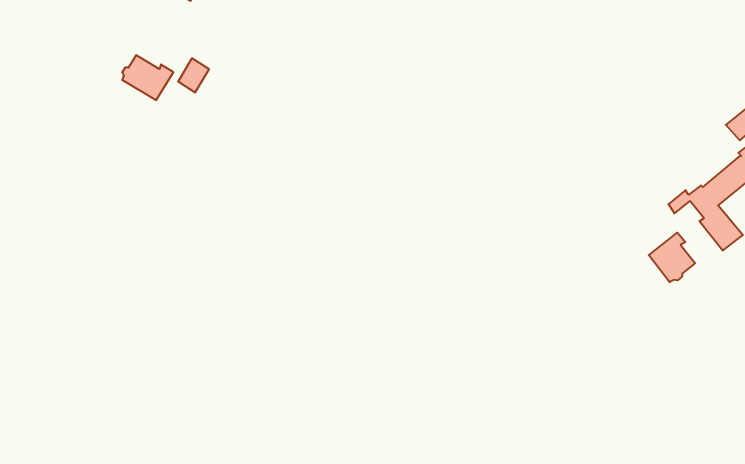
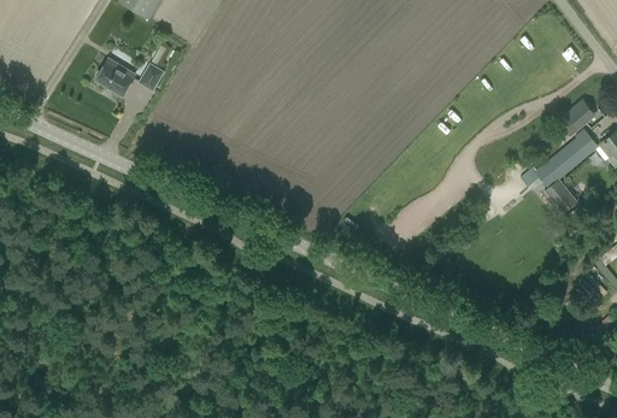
building: [649,233,695,282] -> none

